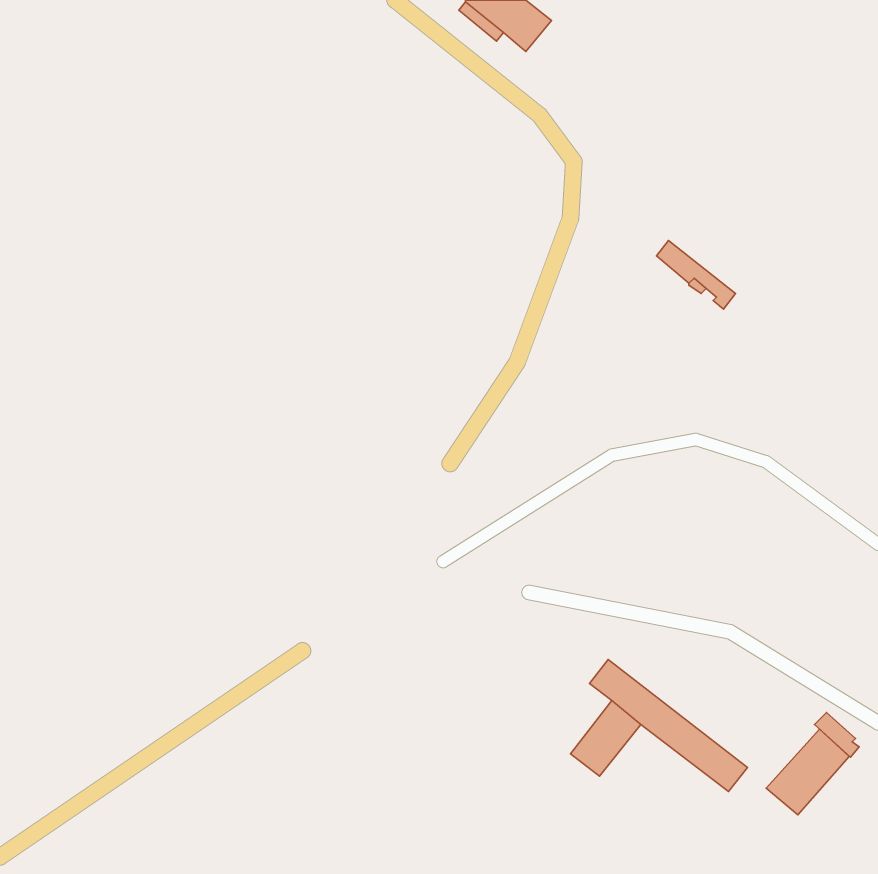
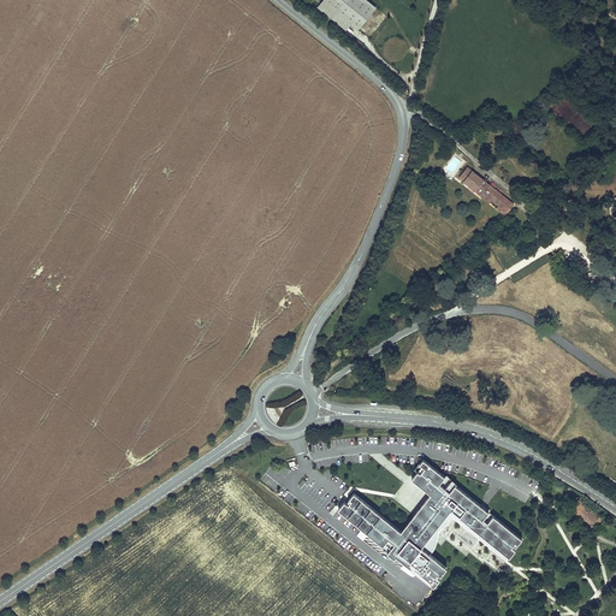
building: none -> [339,493,446,585]
building: [766,729,849,815] -> none

